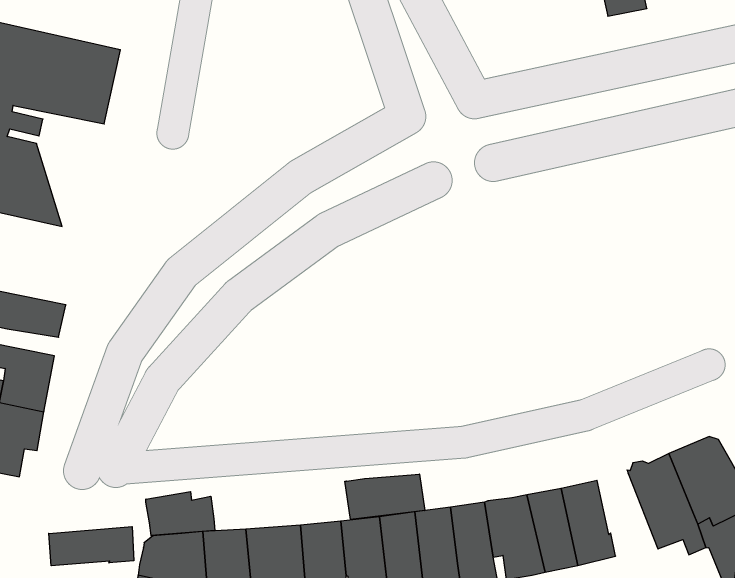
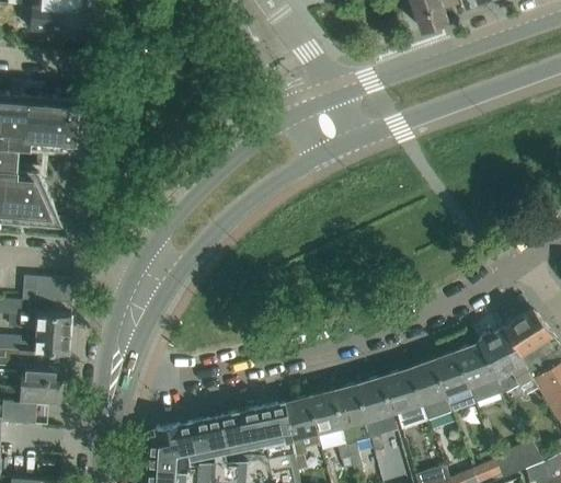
building: none -> [456,344,504,402]
building: [345,474,425,519] -> none
building: [146,492,215,536] -> none
building: [49,527,134,566] -> none

